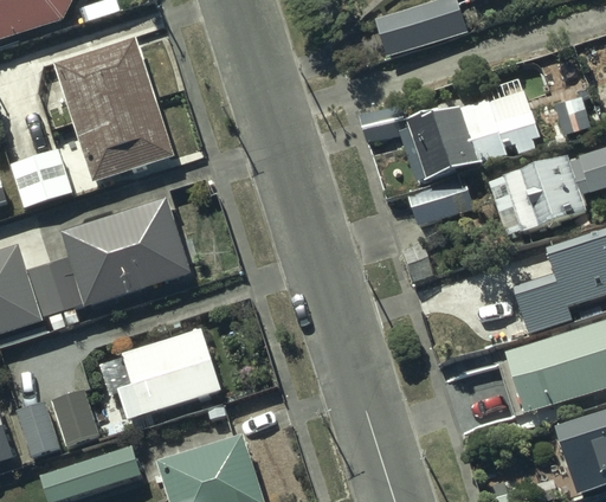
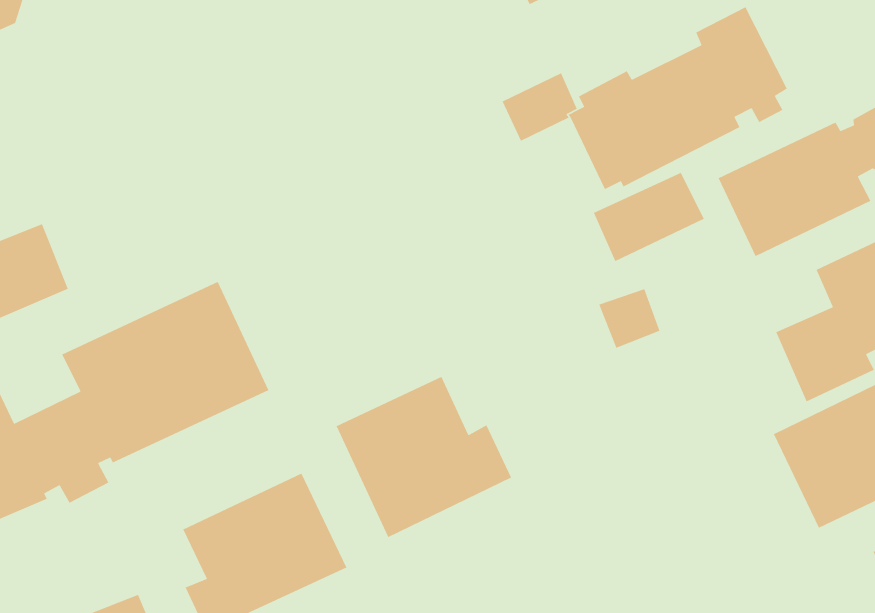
building: [53,39,170,181] -> none
building: none -> [335,376,512,538]

